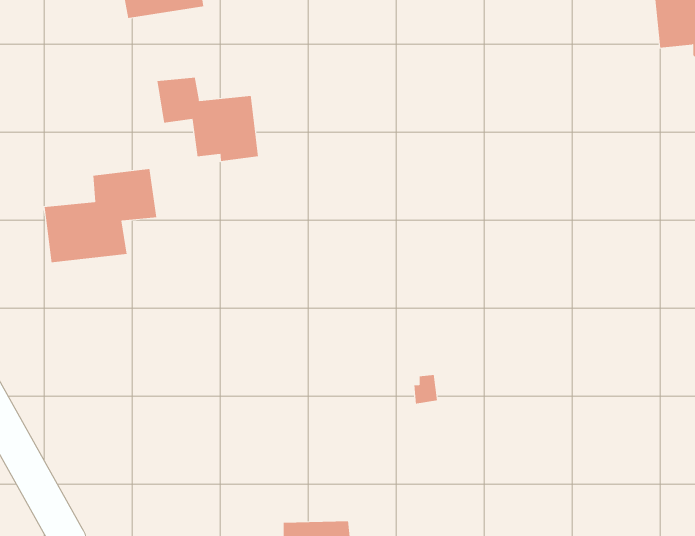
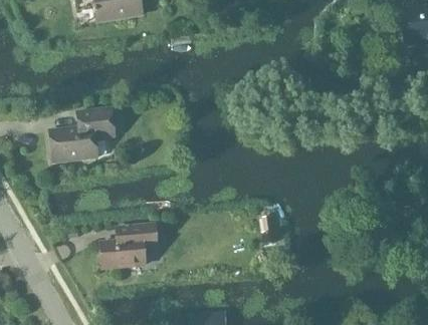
building: [157,77,259,162] -> none
building: none -> [101,223,157,267]

